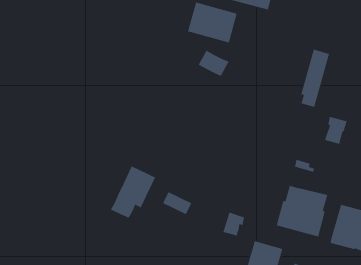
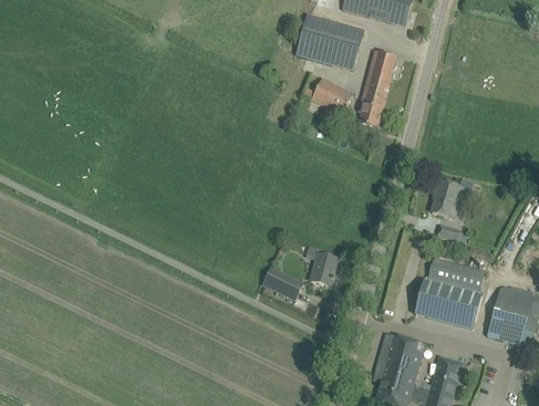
building: [301,49,330,108] -> [357,49,396,127]
building: [324,116,347,144] -> [431,179,462,217]
building: [110,166,156,219] -> none
building: [223,212,245,236] -> [310,252,340,284]

